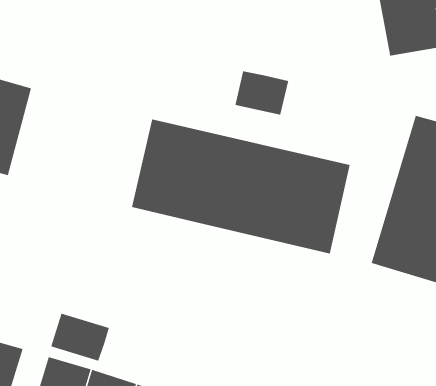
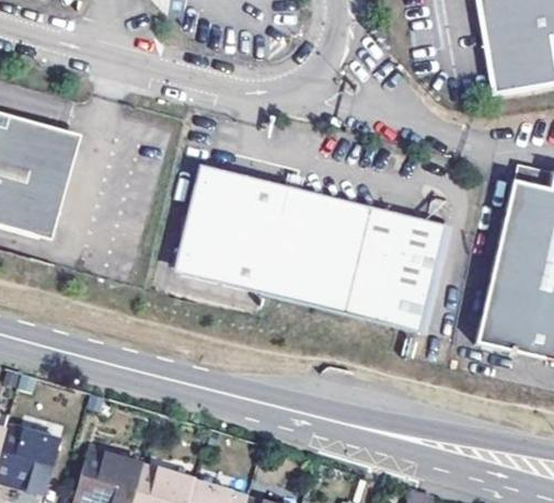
building: [235,71,289,115] -> none
building: [50,313,109,361] -> none

